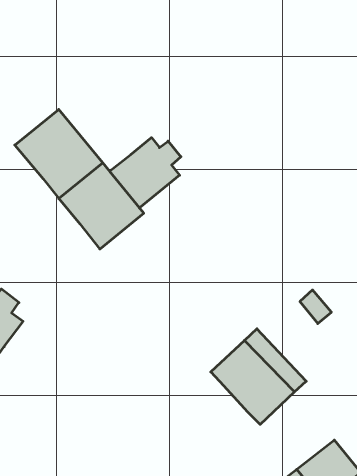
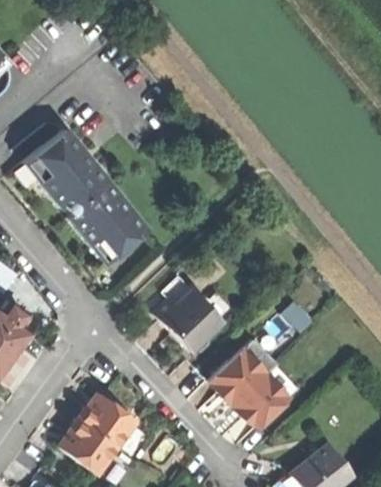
building: [110,138,181,208] -> none
building: none -> [157,289,221,351]
building: none -> [61,393,138,474]

